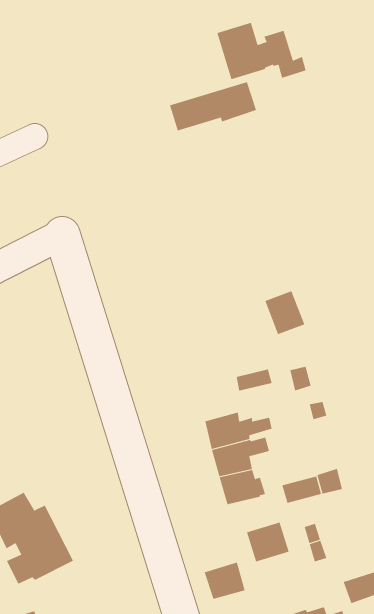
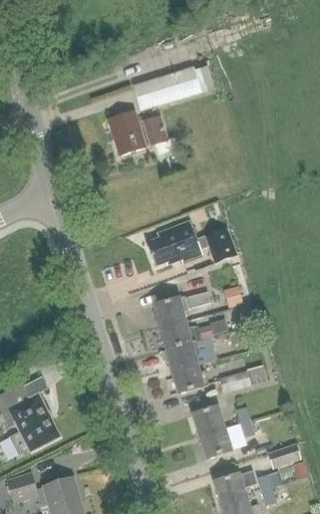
building: [216,22,306,80] -> [107,110,177,155]
building: none -> [145,220,203,265]
building: none -> [153,296,188,328]
building: [204,562,245,600] -> [200,429,232,458]

